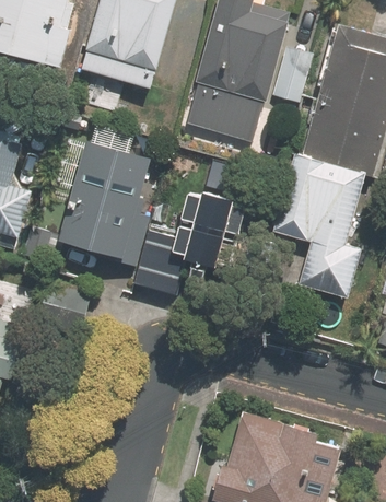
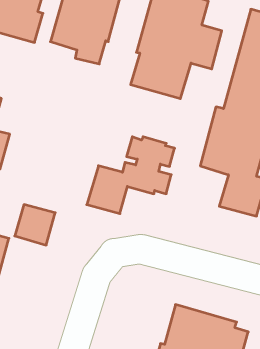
building: [54,137,145,264] -> none

